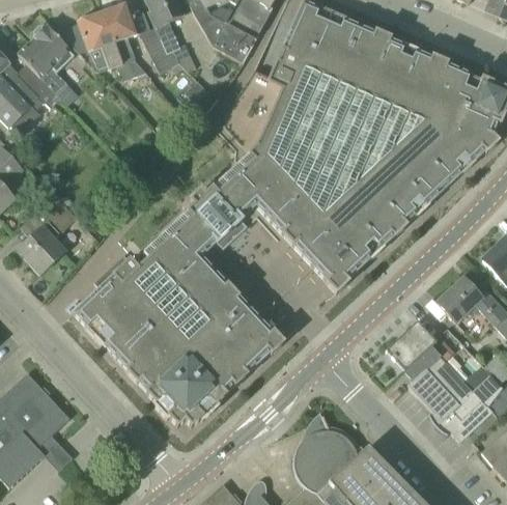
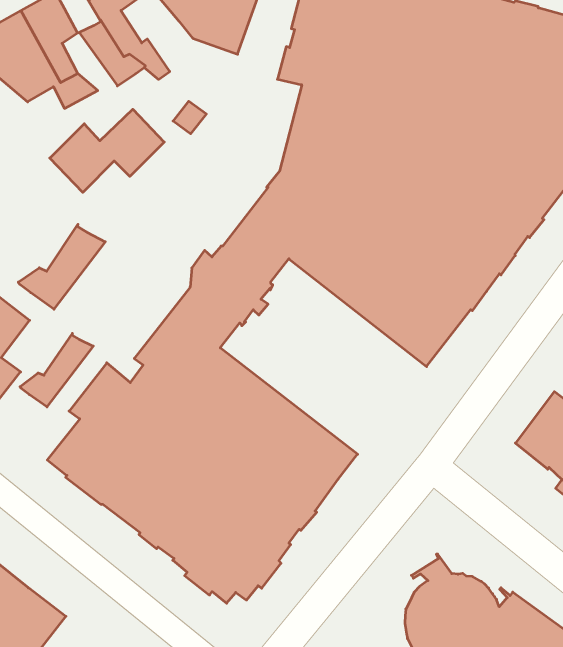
building: none -> [50,109,164,192]
building: none -> [18,224,105,309]
building: none -> [20,333,93,407]

